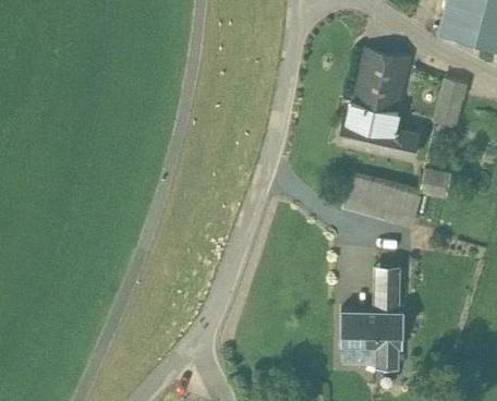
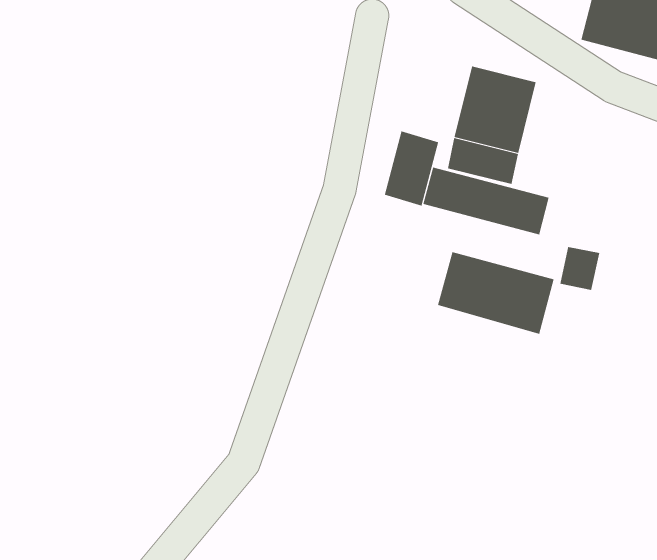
building: [432,80,466,131] -> none
building: none -> [384,130,439,207]
building: [340,270,403,368] -> none

